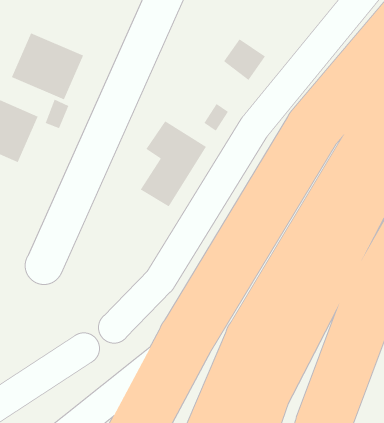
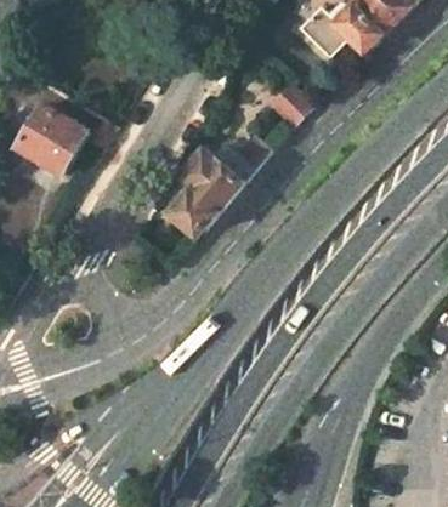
building: [11,32,84,100] -> none

